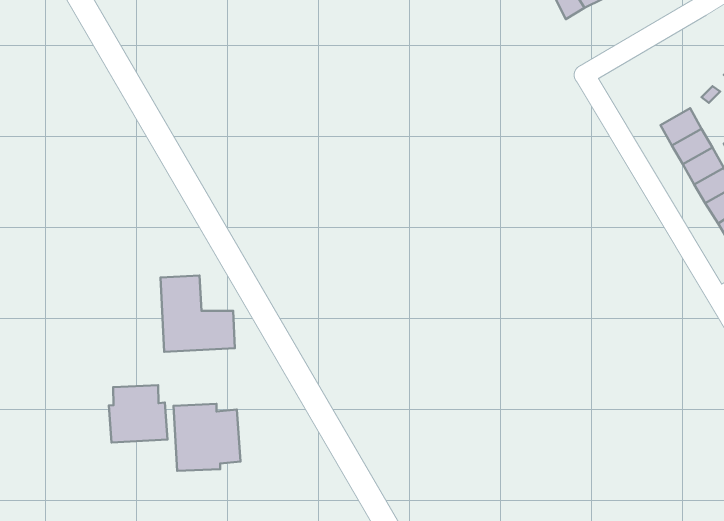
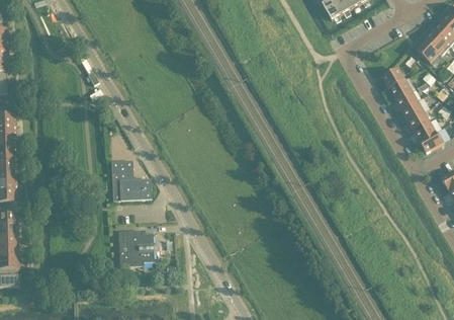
building: [109,385,168,443] -> none

